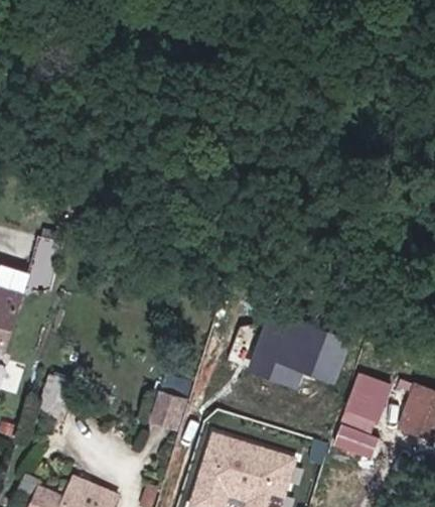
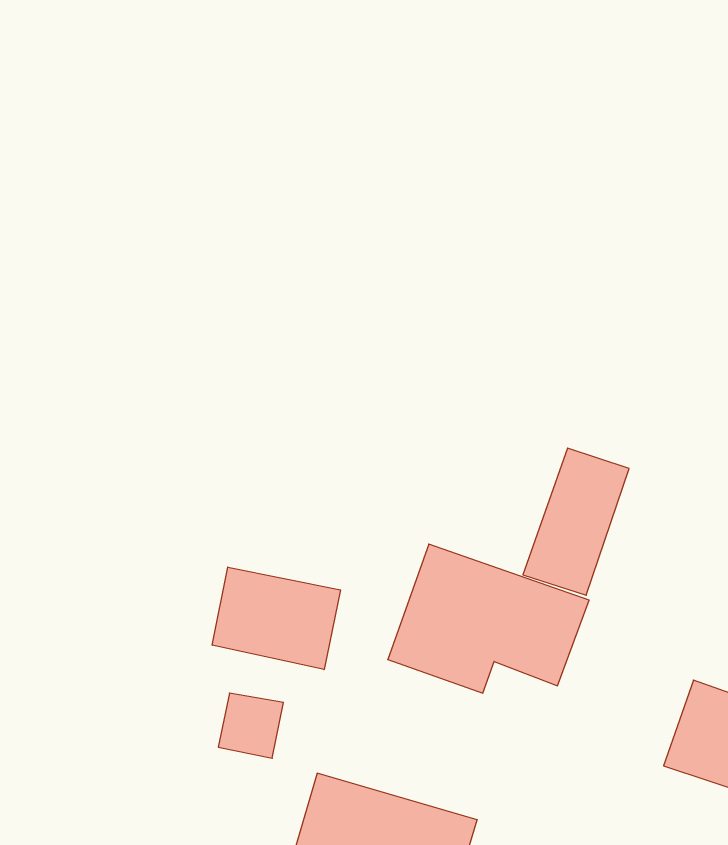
building: none -> [212,567,341,670]
building: [333,375,391,455] -> [523,448,629,595]

